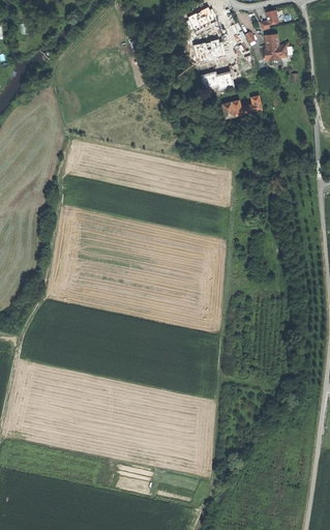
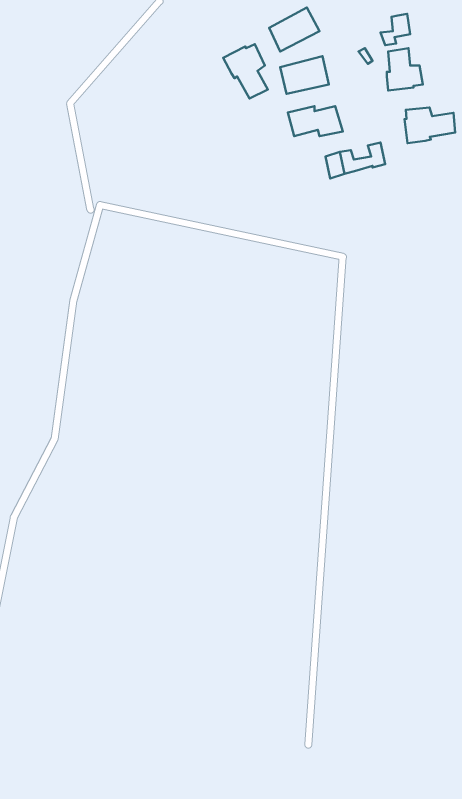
building: none -> [223,44,268,98]
building: none -> [404,108,455,143]

